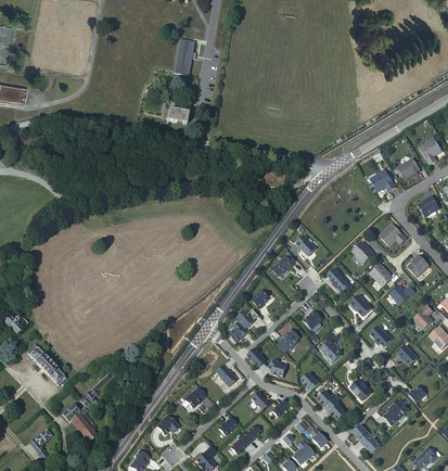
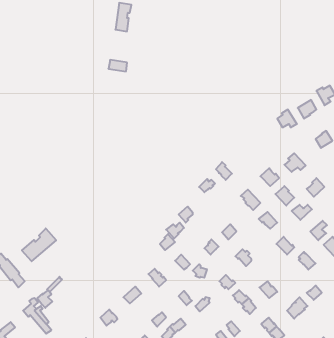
building: none -> [22,228,56,261]

